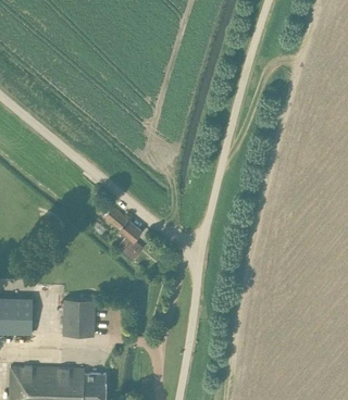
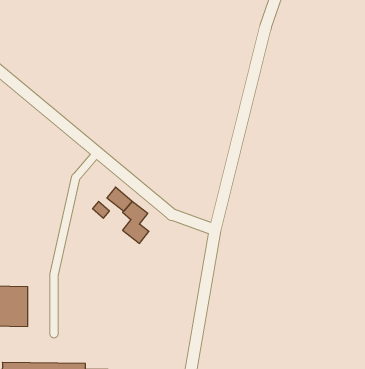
building: [63,301,95,336] -> none

